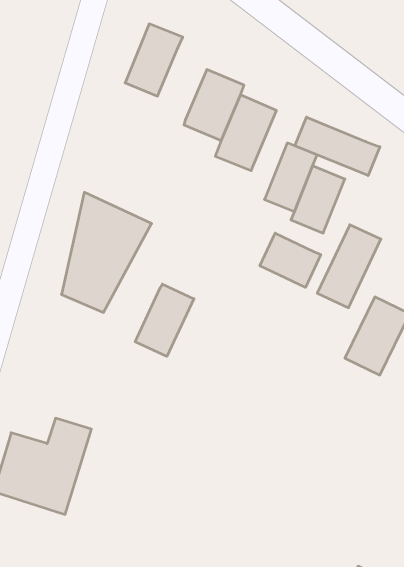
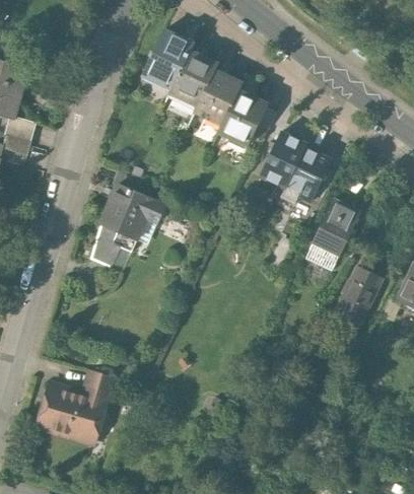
building: none -> [168,51,216,112]
building: [295,117,380,176] -> none
building: [260,233,321,287] -> none
building: [135,284,194,356] -> none

